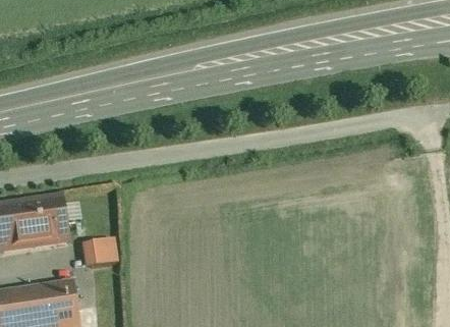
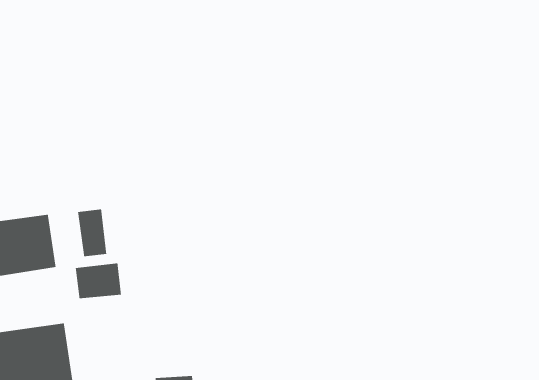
building: none -> [77,208,107,257]

